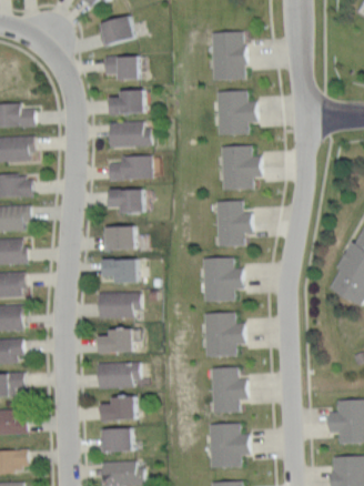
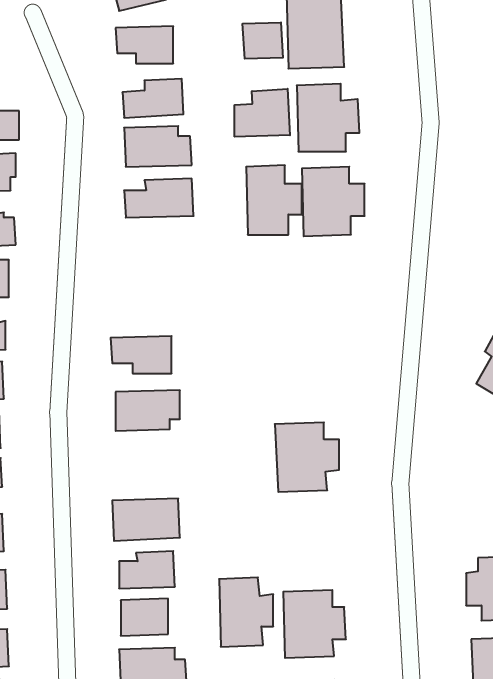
building: none -> [243,22,283,59]
building: none -> [235,89,290,137]
building: [102,189,140,212] -> none
building: [215,201,252,246] -> [246,165,302,235]
building: [98,224,132,250] -> none
building: [201,256,242,303] -> none
building: [97,328,133,353] -> none
building: [211,367,246,413] -> [219,577,273,647]

